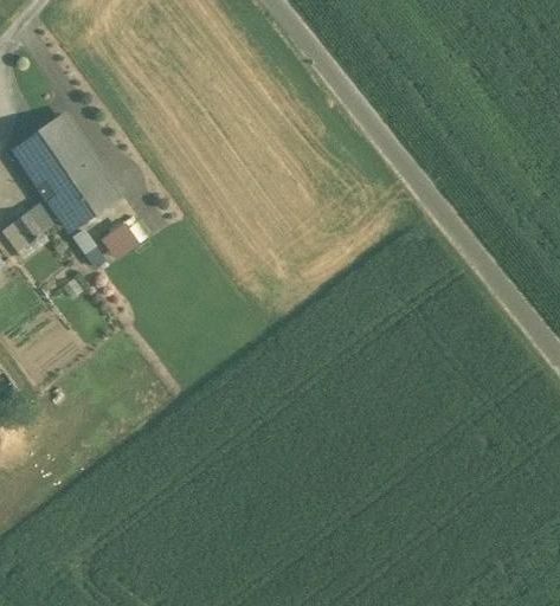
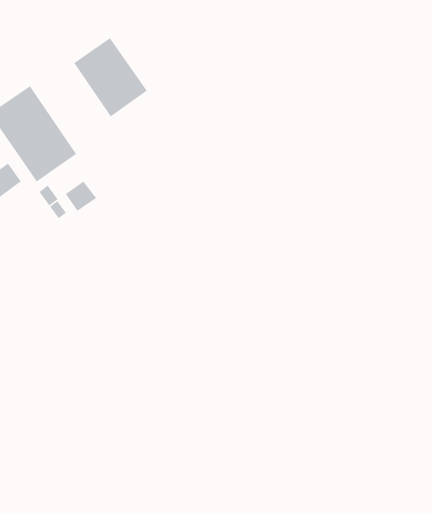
building: none -> [73,37,148,117]

